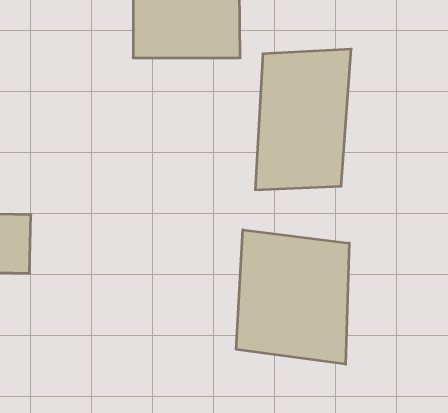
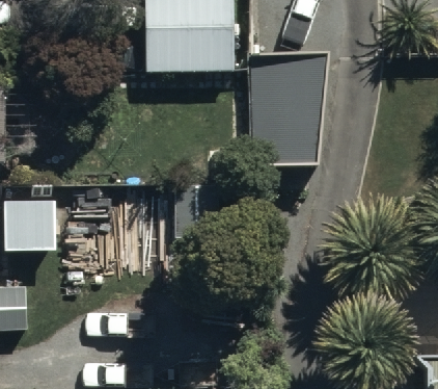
building: [236,230,349,364] -> none

